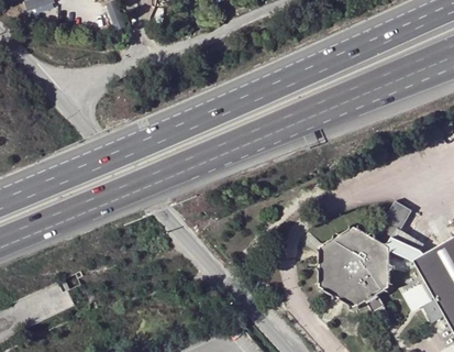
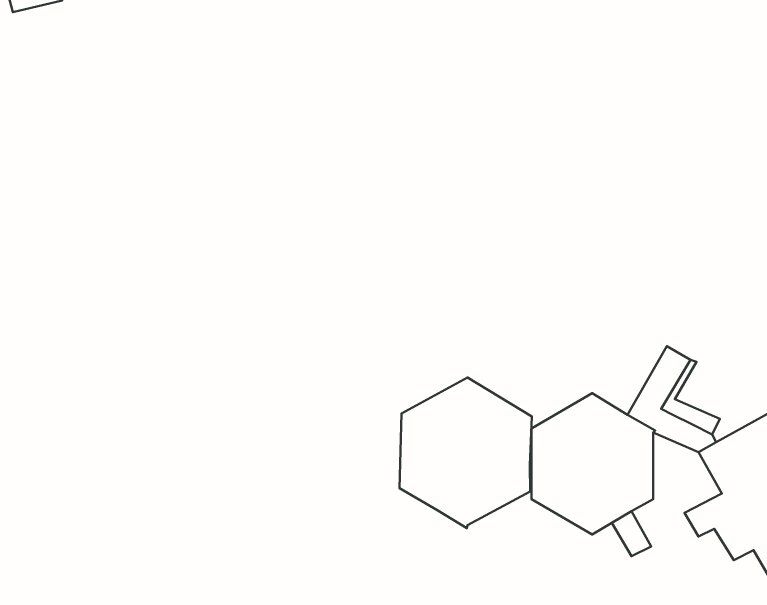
building: none -> [400,377,532,528]

